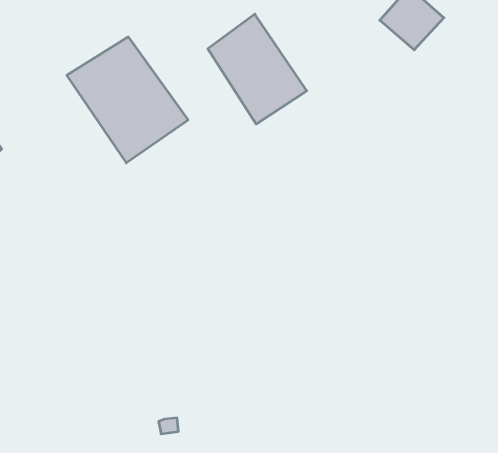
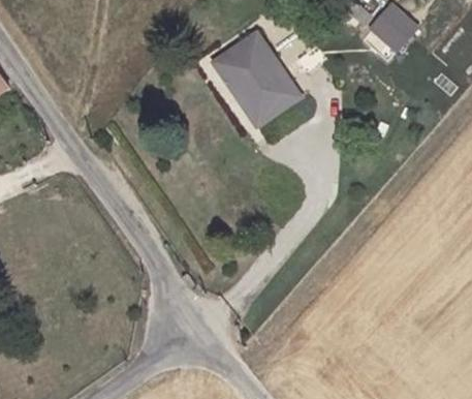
building: [67,37,188,163] -> none

